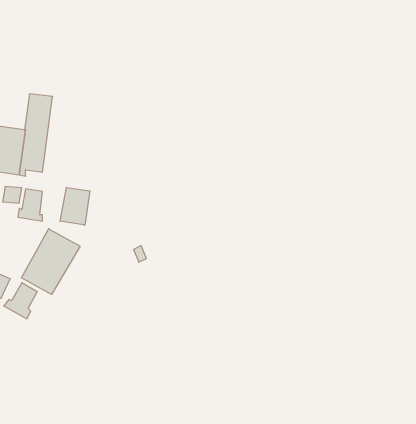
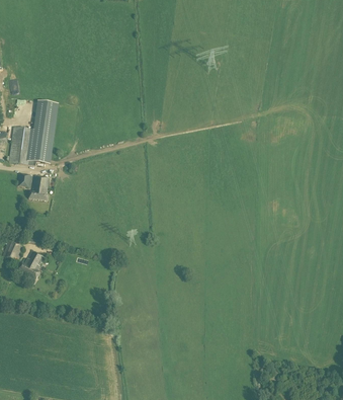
building: [60,187,90,225] -> none
building: [21,229,80,294] -> none

